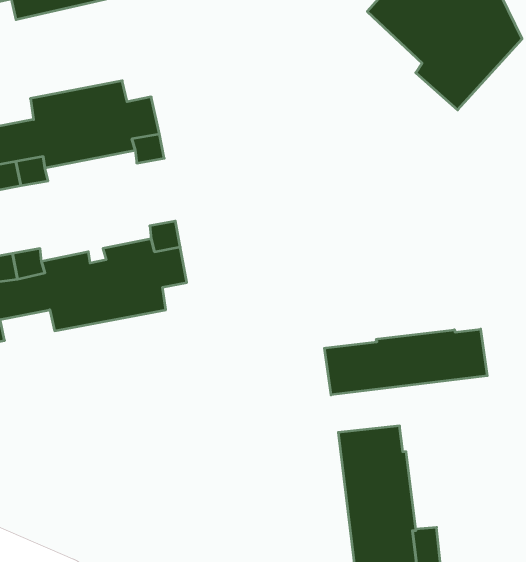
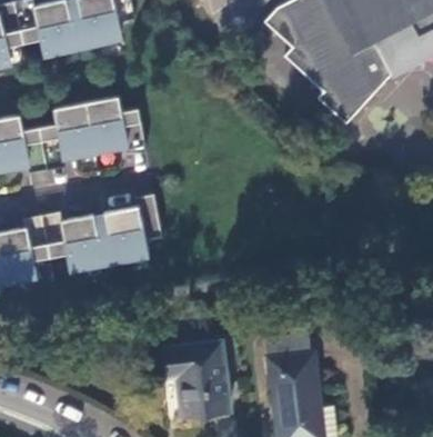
building: [324,329,487,395] -> none
building: none -> [163,342,230,419]

